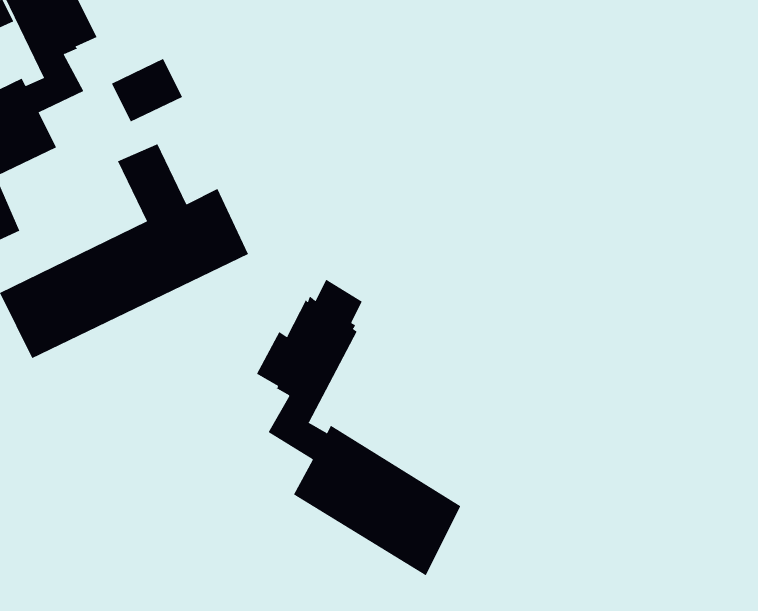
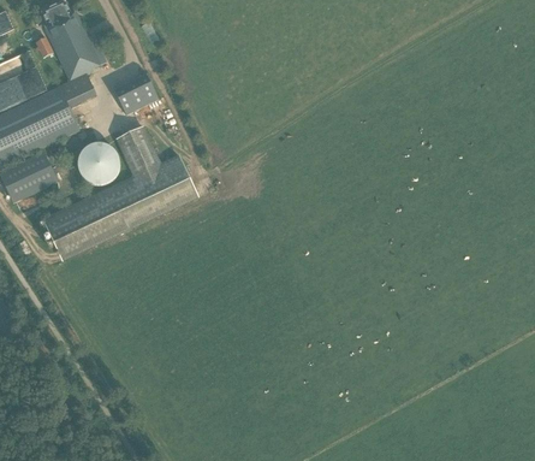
building: none -> [79,143,118,183]
building: [256,279,461,576] -> none

